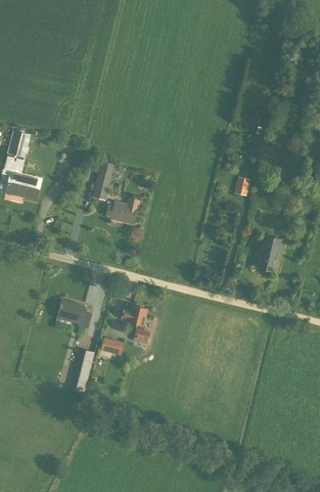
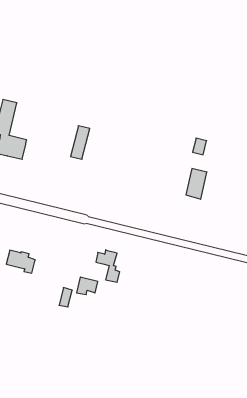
building: [105,196,138,224] -> none
building: [256,235,280,271] -> [186,169,207,199]
building: [56,301,90,327] -> [6,250,35,273]

